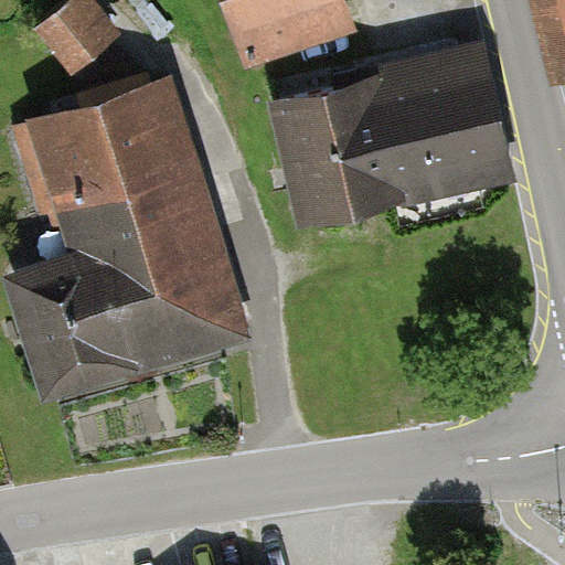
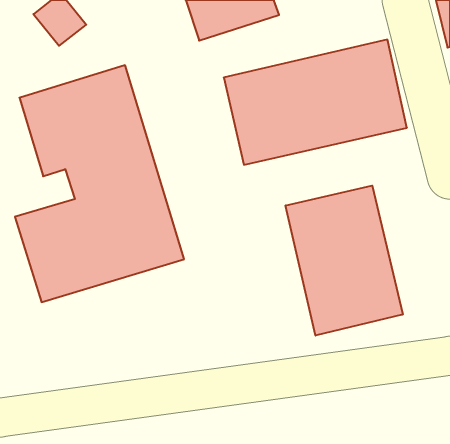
building: none -> [286,186,403,336]

